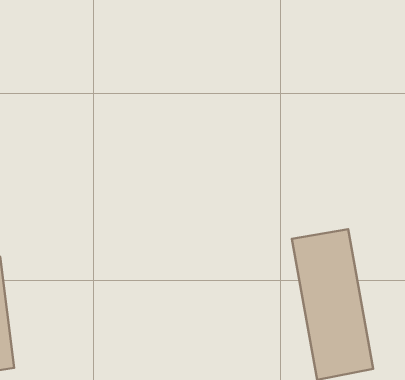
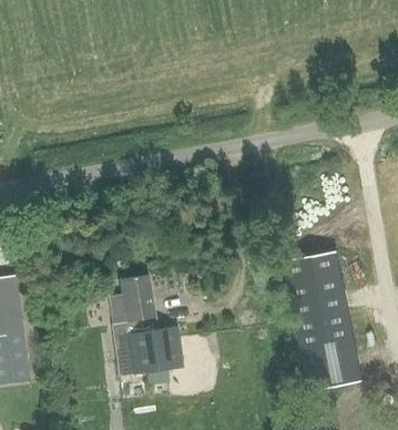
building: none -> [119,274,182,381]

